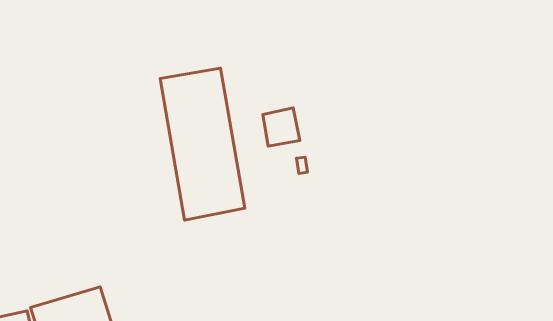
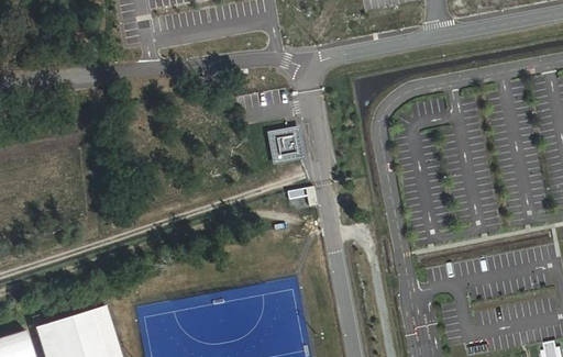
building: [160,68,245,220] -> none

